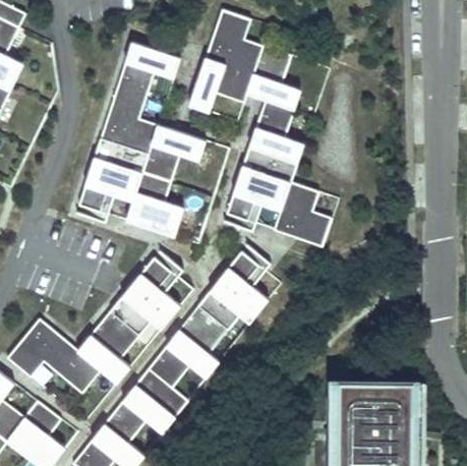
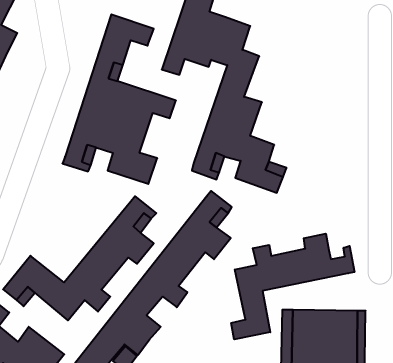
building: none -> [231,234,354,339]

